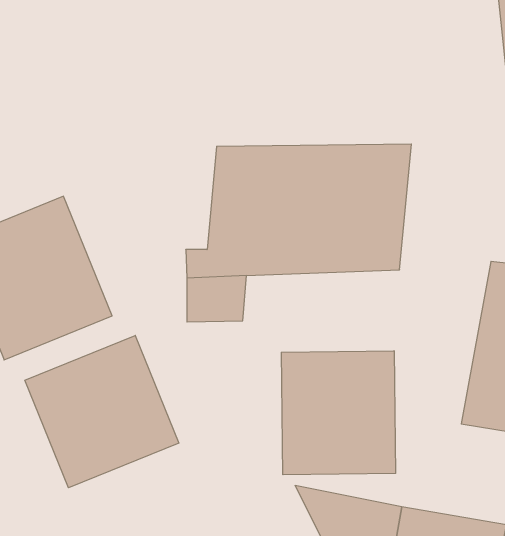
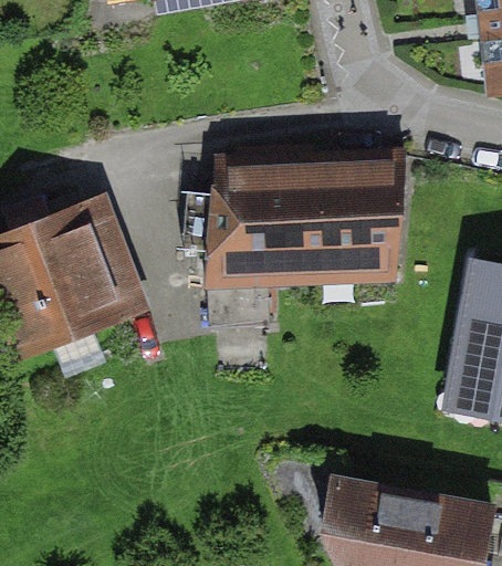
building: [25,335,179,488] -> none
building: [281,351,396,475] -> none

